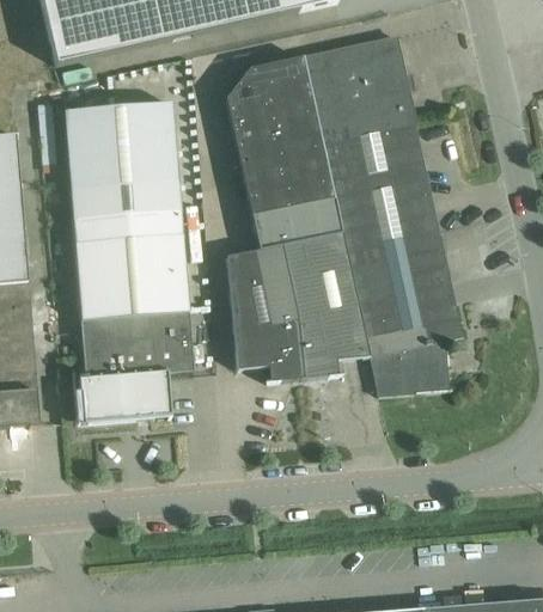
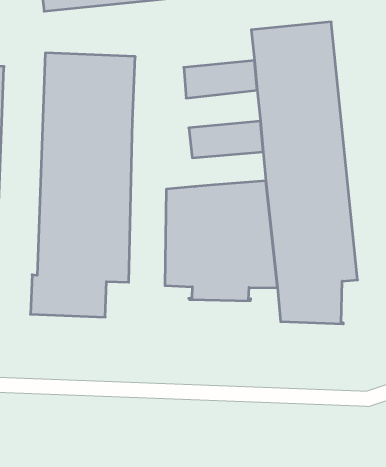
building: [225,54,311,108] -> none
building: [236,124,327,178] -> none
building: [251,196,341,246] -> none

